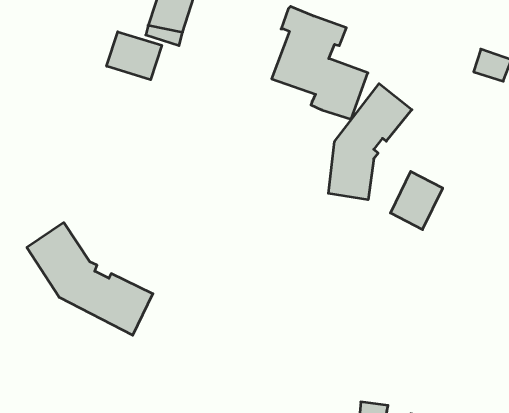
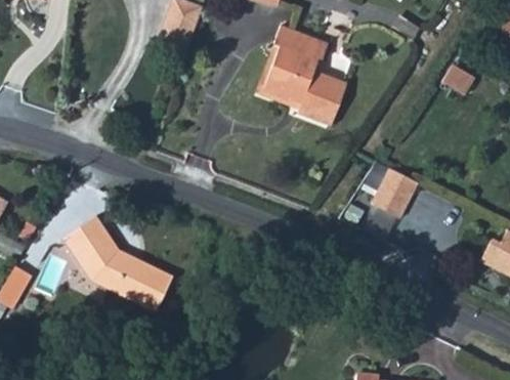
building: [107,32,162,80] -> none
building: [328,84,412,200] -> none

